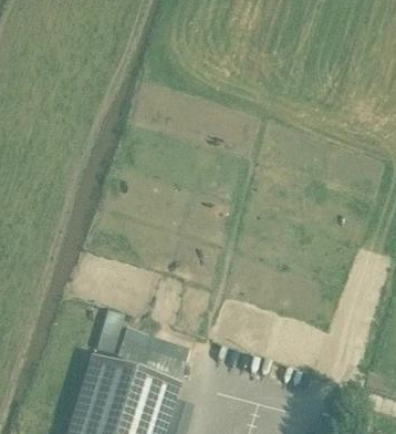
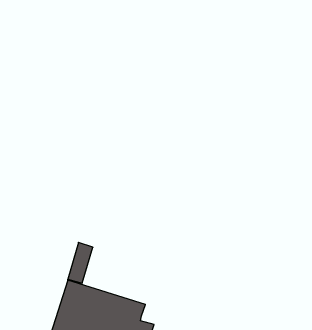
building: [116,335,188,384] -> none

